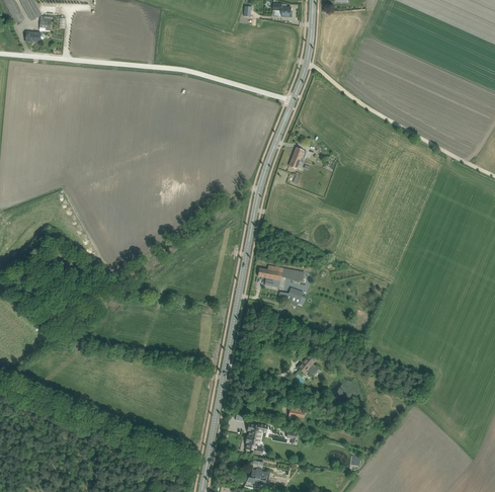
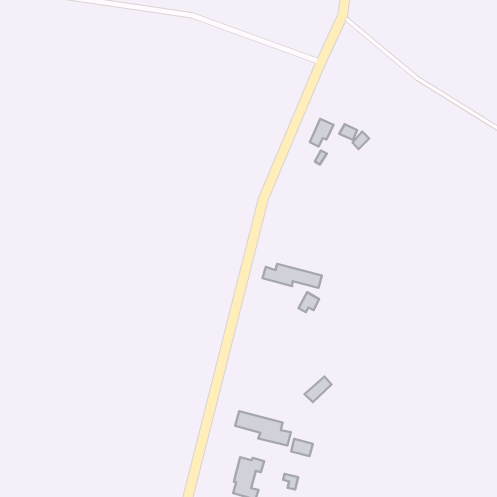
building: none -> [235,411,291,446]

